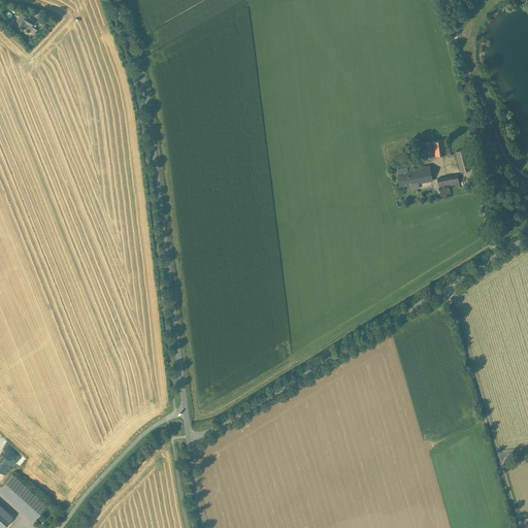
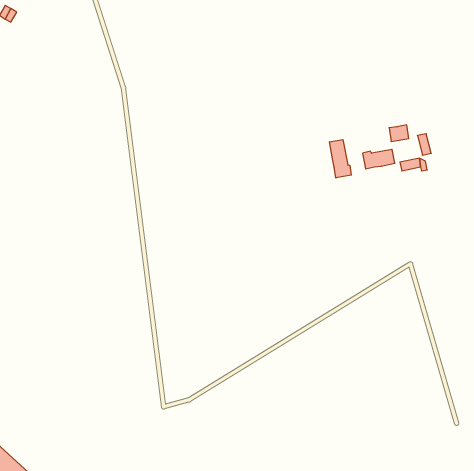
building: none -> [330,140,351,178]

